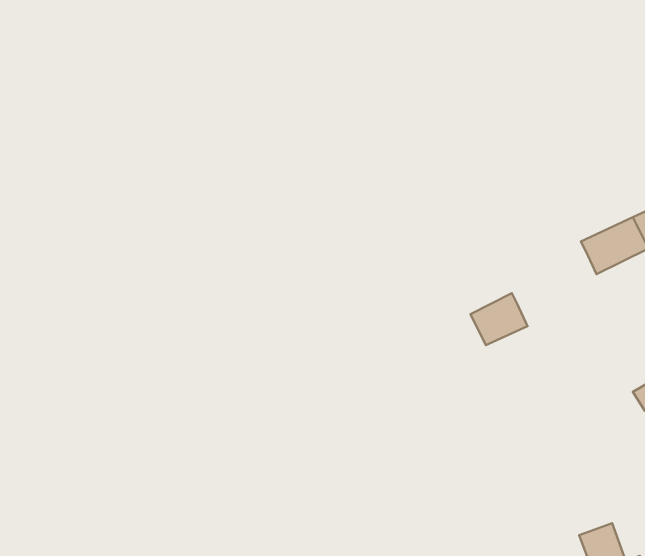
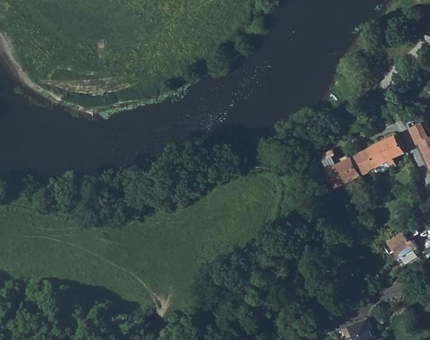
building: [470,293,527,345] -> [325,157,358,187]

